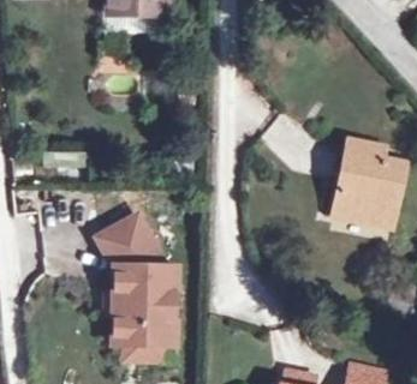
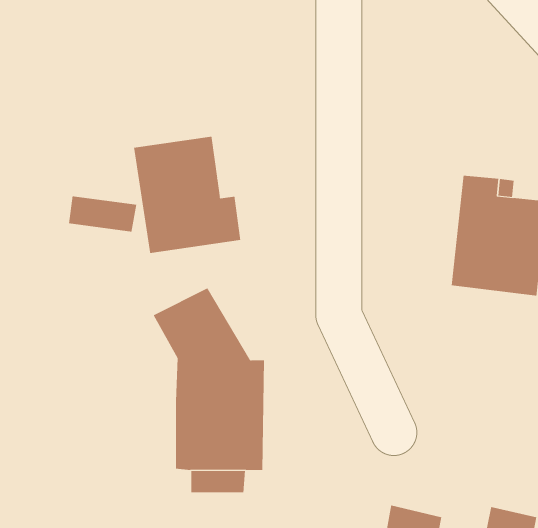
building: none -> [134,136,241,254]

